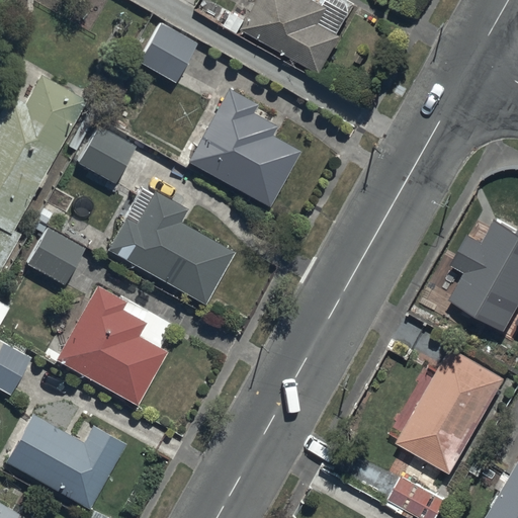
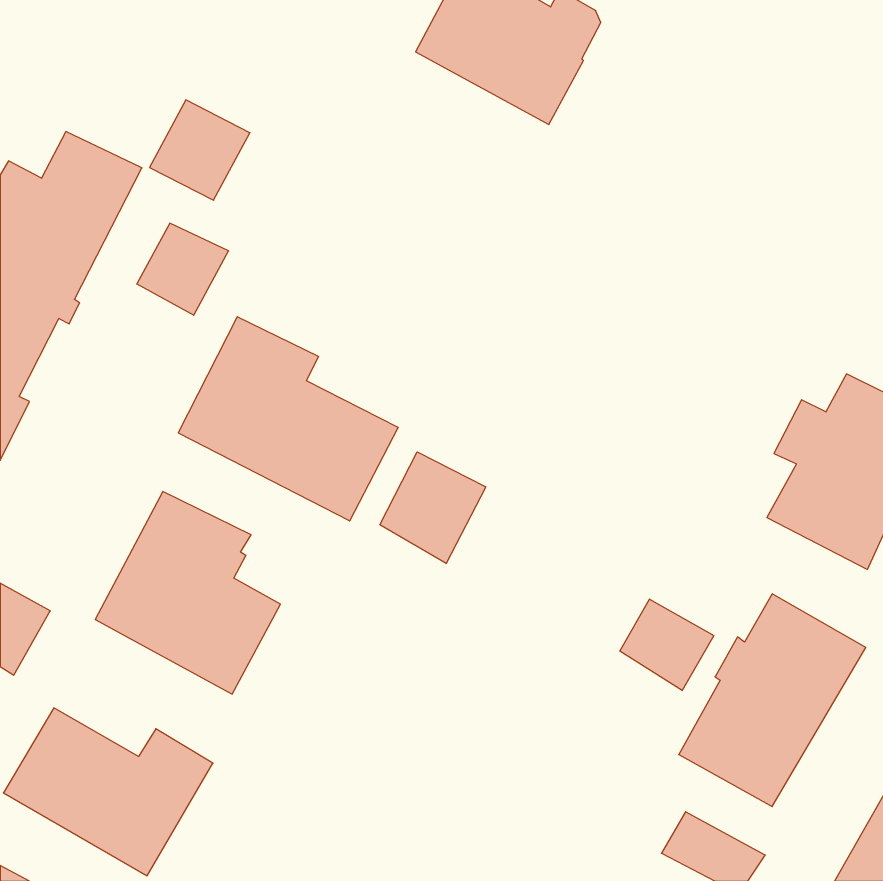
building: [139,24,197,83] -> [150,100,250,200]
building: [186,88,298,208] -> none
building: [28,230,83,284] -> none
building: none -> [380,452,486,564]
building: none -> [620,599,714,691]

